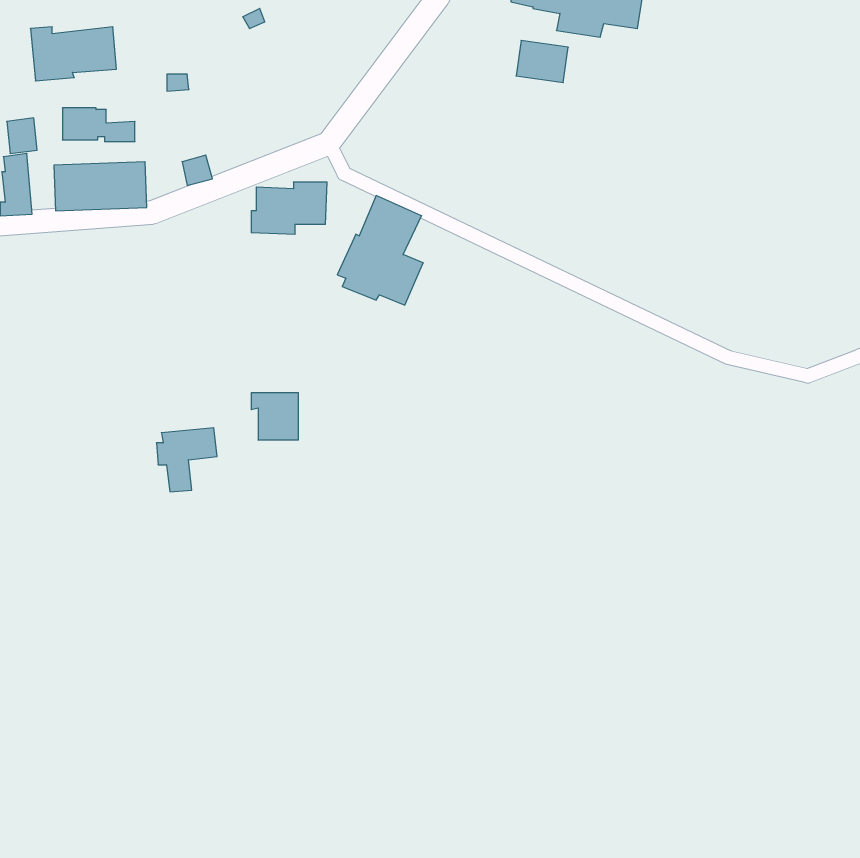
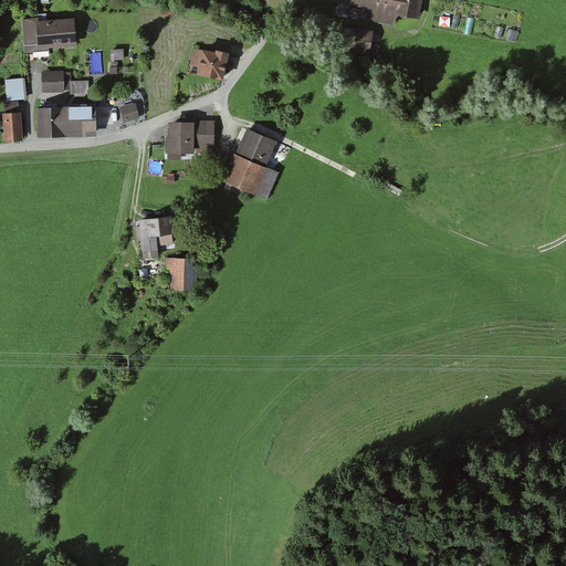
building: none -> [189,48,229,82]
building: [156,428,217,492] -> [134,216,174,258]

